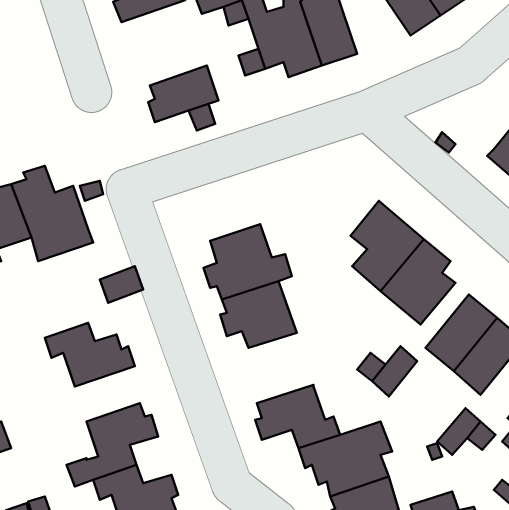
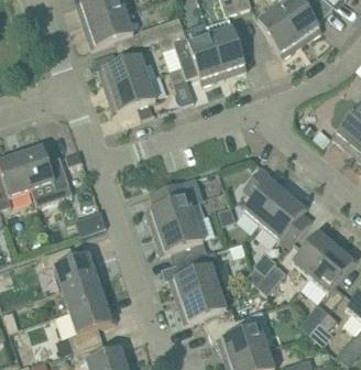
building: none -> [98,54,147,89]
building: none -> [168,249,231,298]
building: none -> [61,274,105,311]

